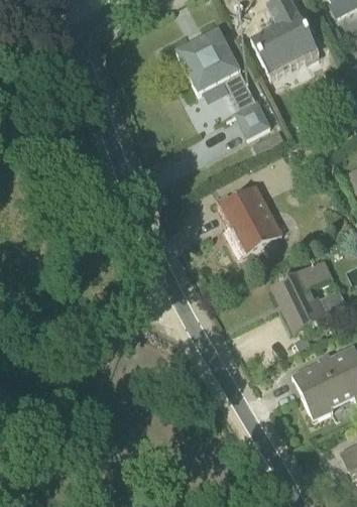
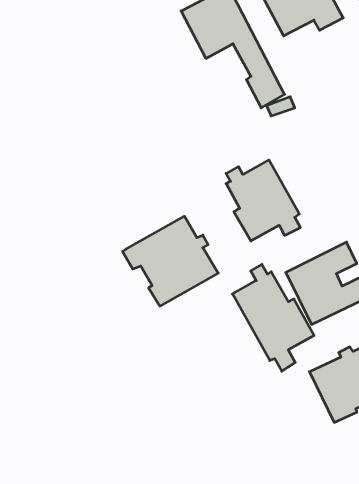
building: none -> [123,216,218,306]
building: none -> [232,264,314,371]

